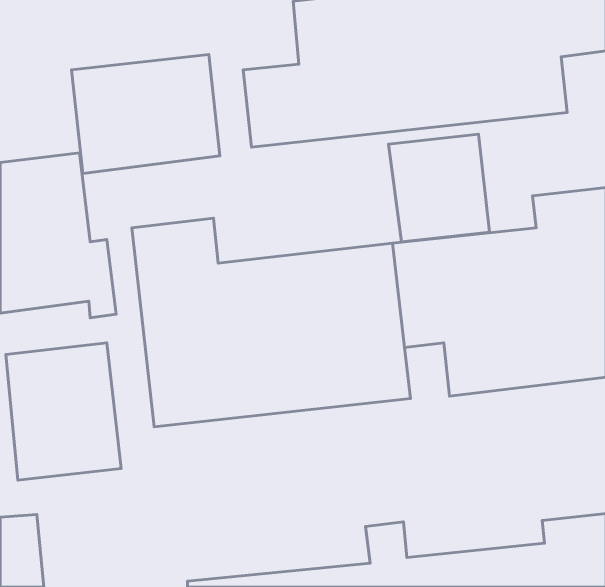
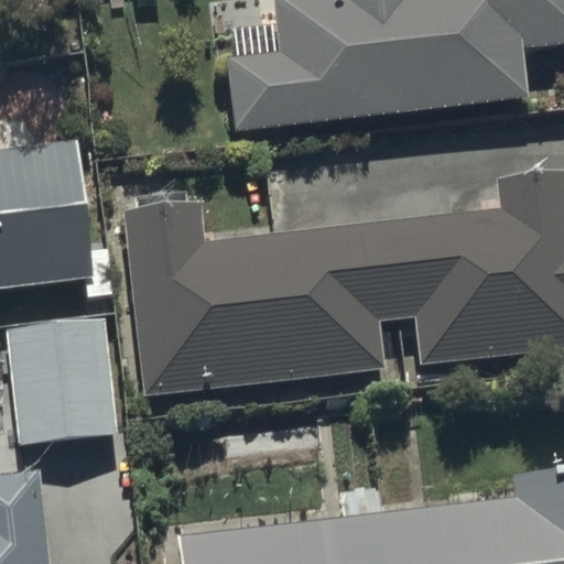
building: [71,54,220,173] -> none
building: [389,134,489,242] -> none

